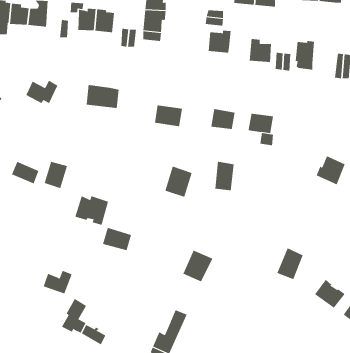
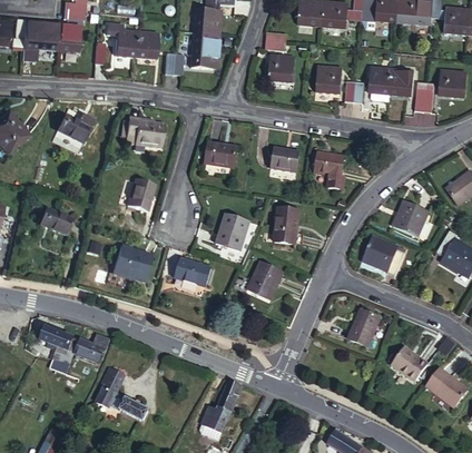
building: none -> [390,69,413,96]
building: [44,161,68,189] -> [128,179,156,211]
building: none -> [362,235,404,275]
building: [102,227,132,251] -> [176,258,210,286]
building: [182,250,213,282] -> [248,262,284,299]
building: none -> [41,327,80,363]

